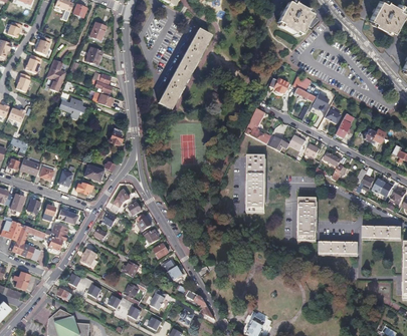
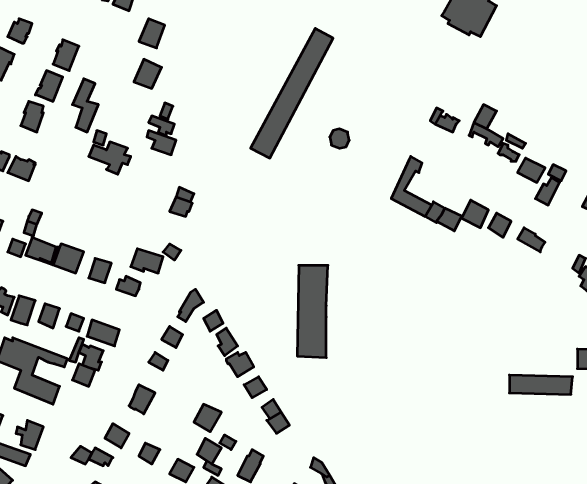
building: [247,155,266,213] -> [297,265,328,358]
building: [298,198,318,241] -> none

